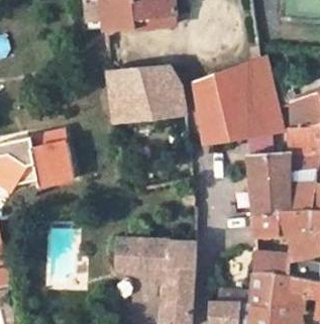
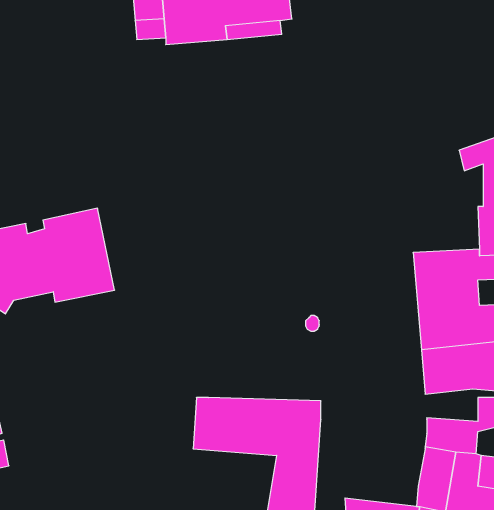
building: [195,47,282,143] -> none
building: [103,67,186,126] -> none

